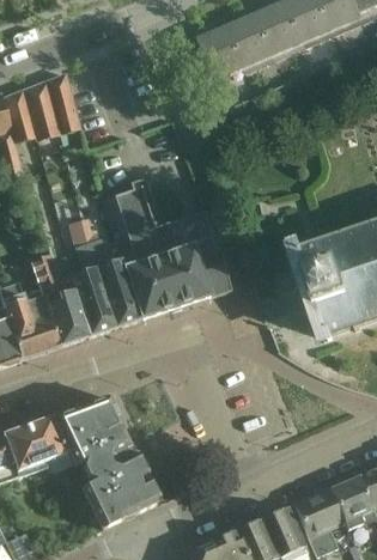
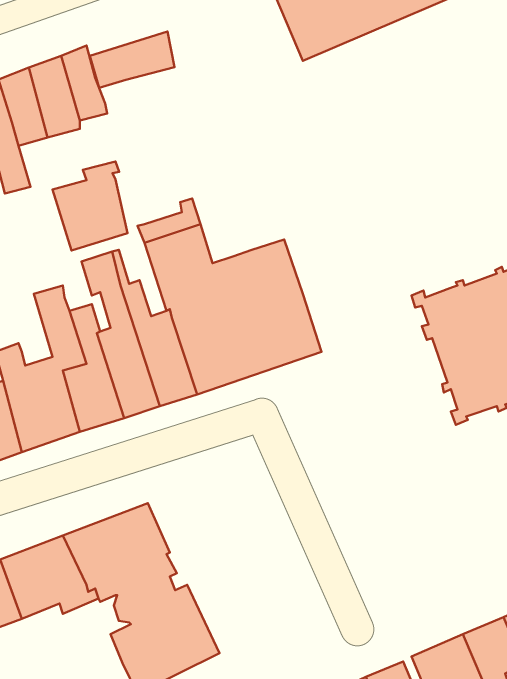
building: none -> [90,32,174,88]
building: none -> [53,162,127,250]

